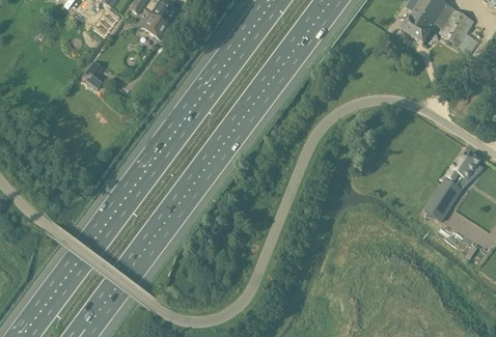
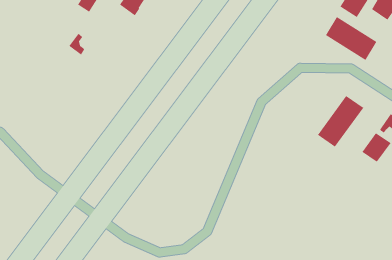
building: none -> [325,16,377,61]
building: none -> [317,95,364,148]

